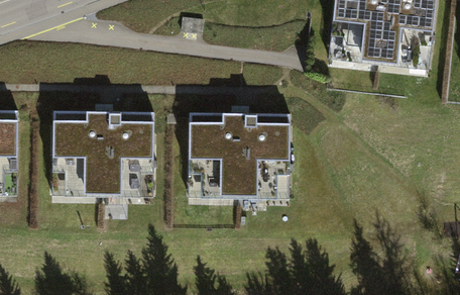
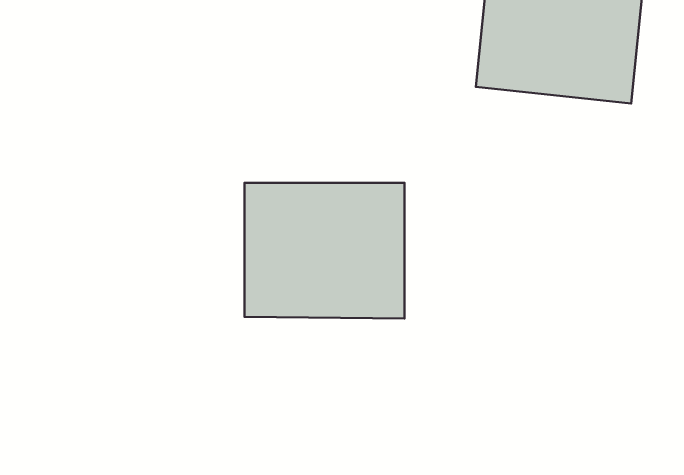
building: [53,111,151,194] -> none

